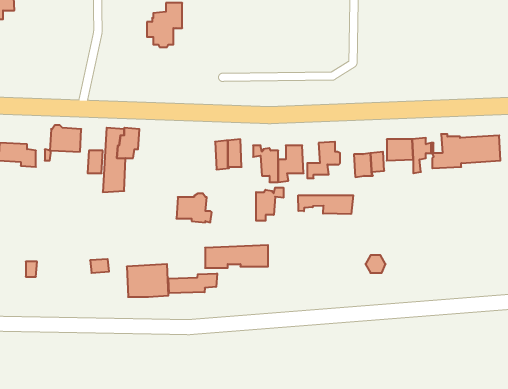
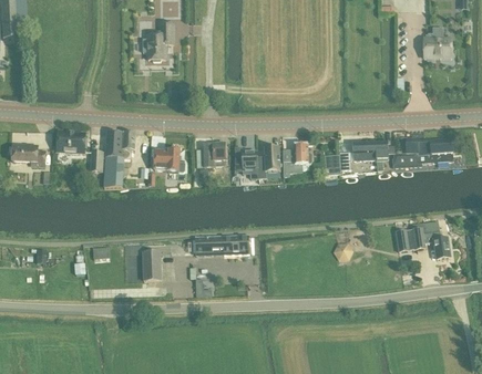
building: none -> [423,27,451,58]
building: [256,188,283,221] -> none
building: [176,193,212,222] -> [153,146,184,172]
building: [298,195,353,214] -> none
building: none -> [394,224,450,259]
building: [169,273,217,293] -> none

